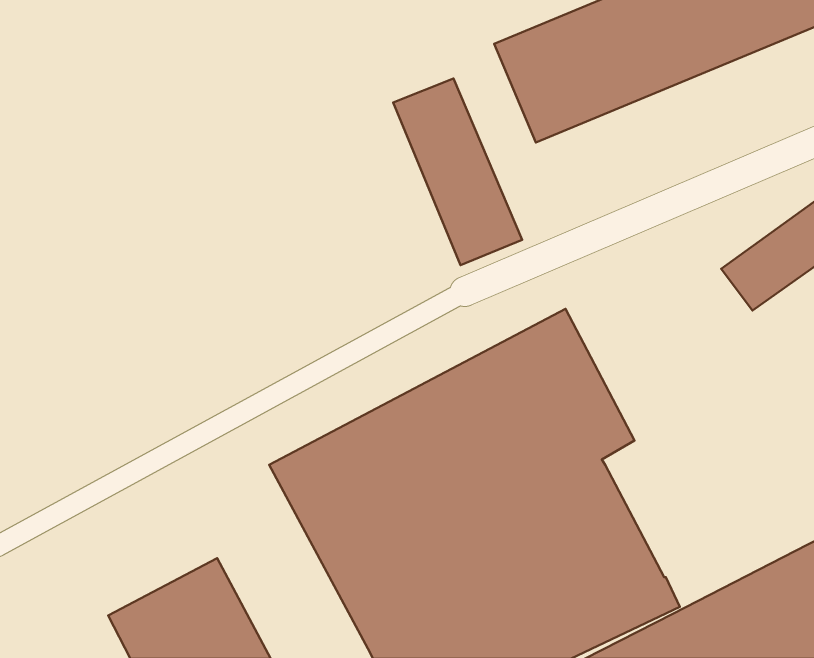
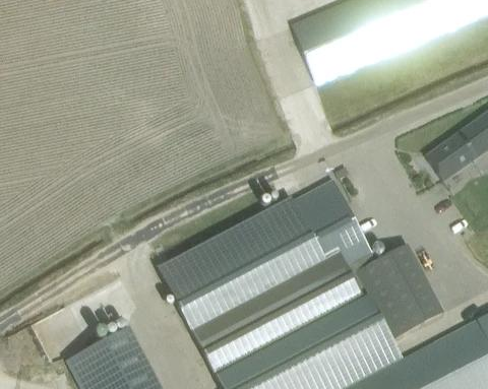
building: [393,79,522,265] -> none
building: none -> [355,246,443,339]

